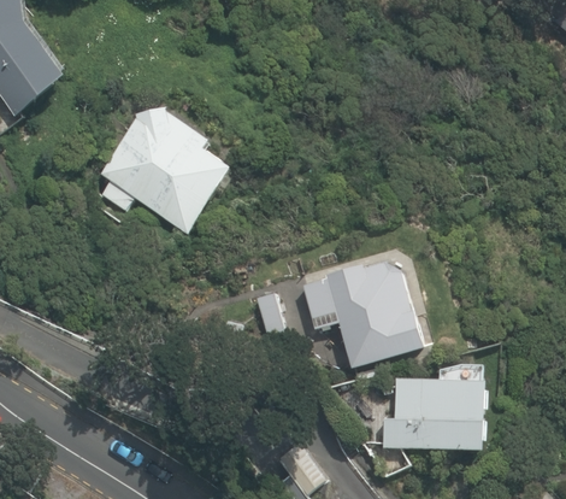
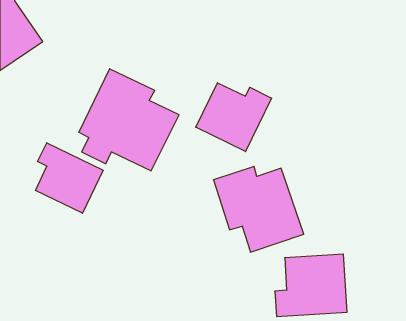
building: none -> [196,83,272,152]
building: none -> [35,143,103,213]

